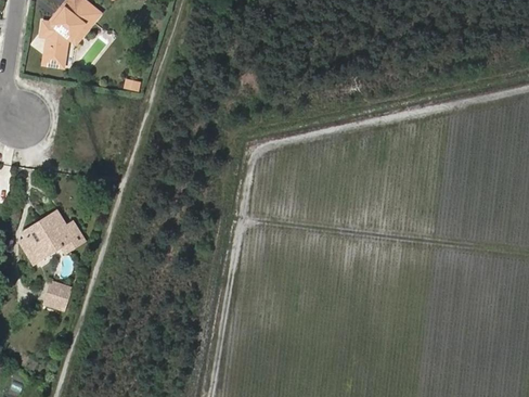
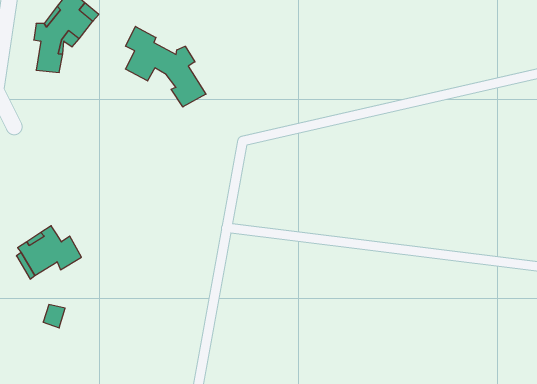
building: none -> [125,26,206,107]

